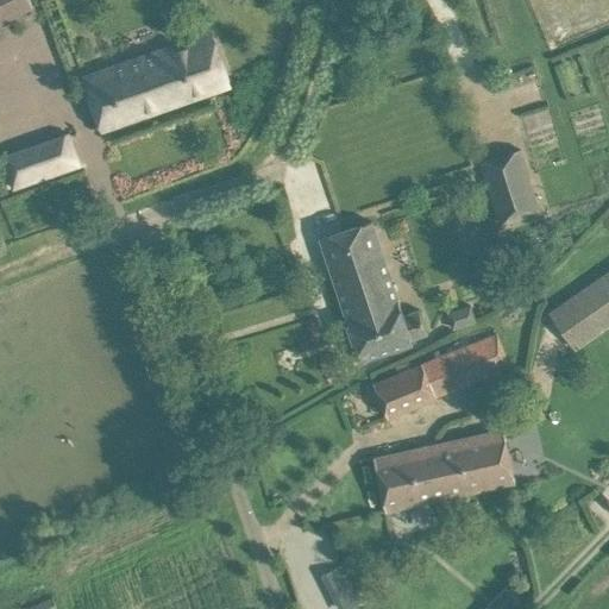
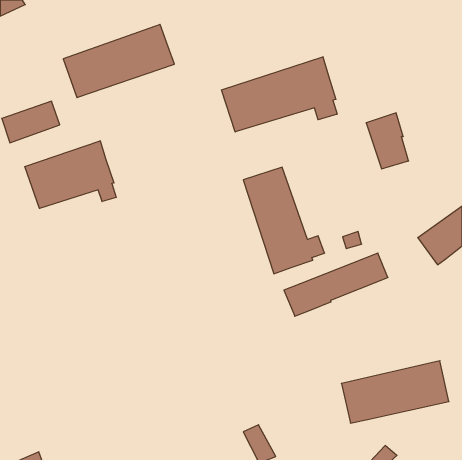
building: none -> [222,57,337,132]
building: none -> [25,141,116,208]
building: [373,431,515,513] -> [341,361,449,423]

